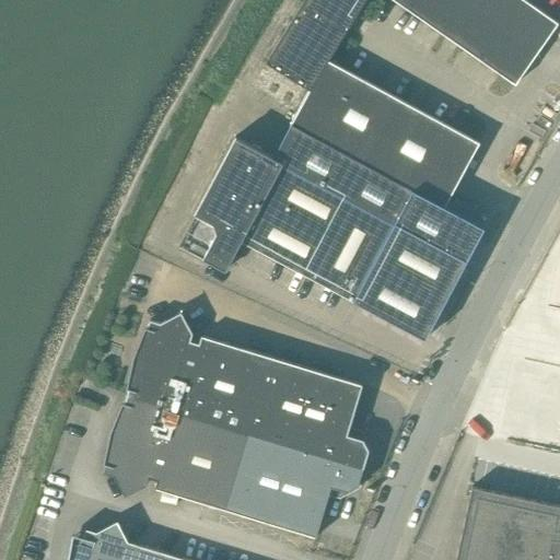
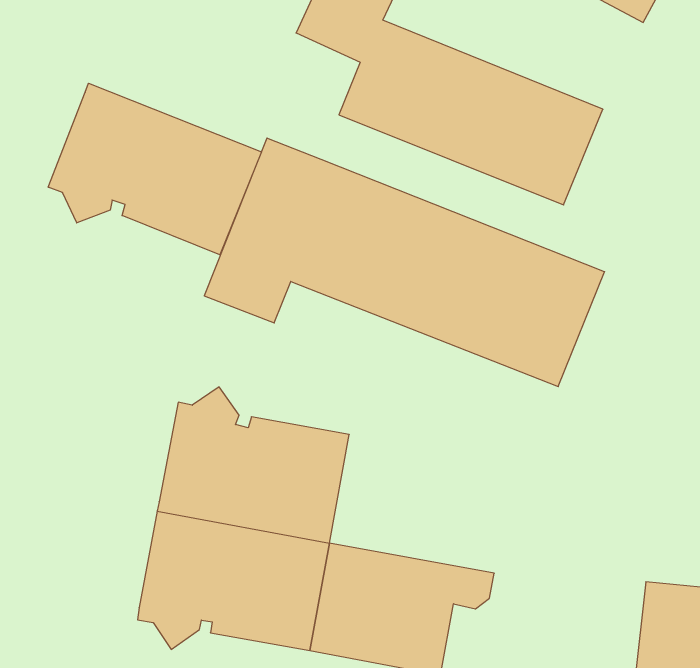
building: none -> [48,83,262,255]
building: [273,126,483,260] -> none
building: [248,357,370,468] -> none

